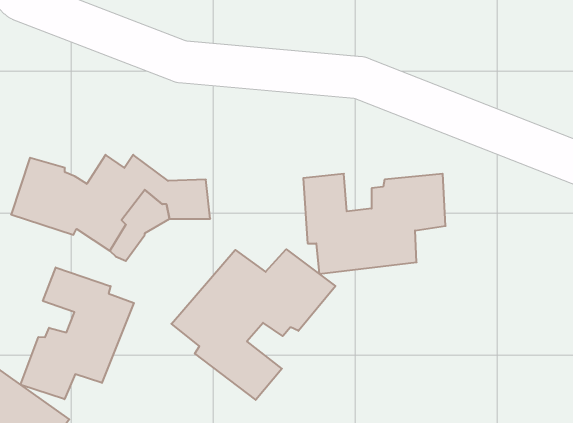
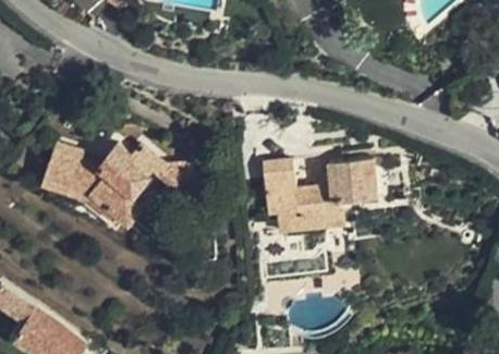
building: [171,249,335,400] -> none
building: [20,267,134,399] -> none

